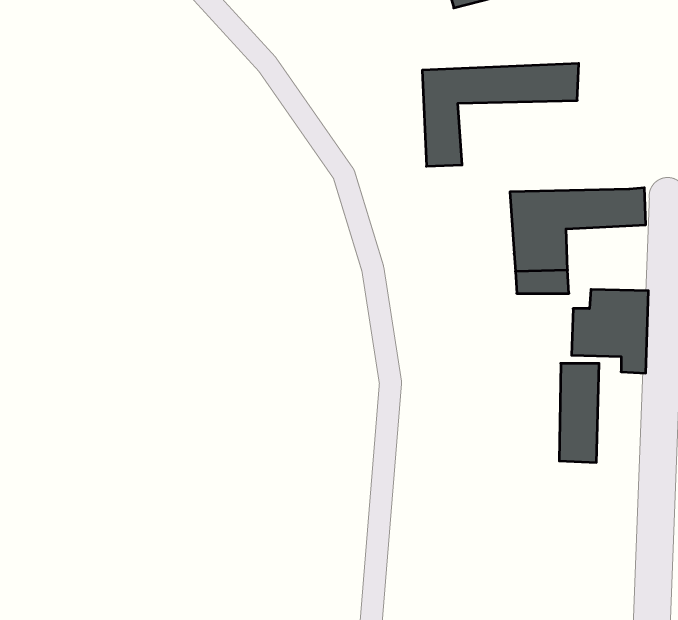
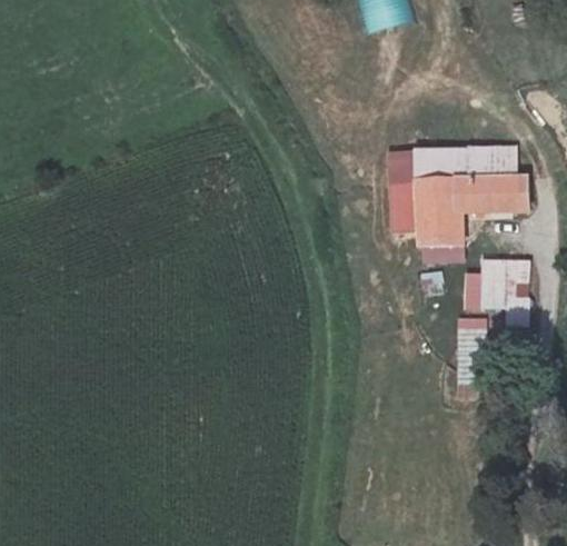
building: [422,63,579,166] -> [388,146,515,229]

